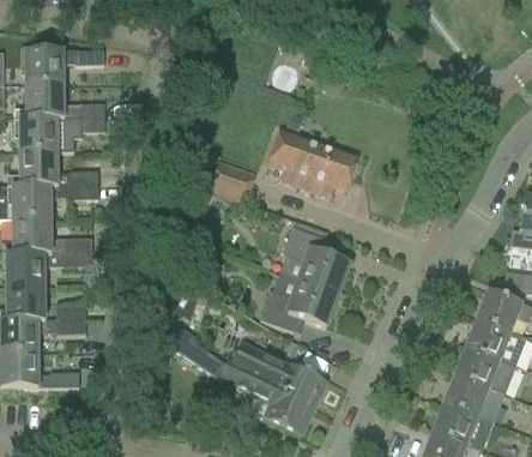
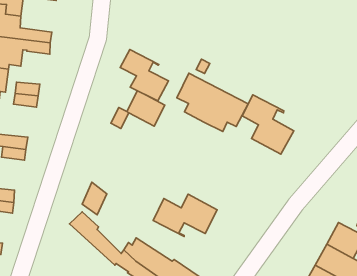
building: none -> [120,50,168,101]
building: [283,226,349,294] -> [242,95,294,154]

